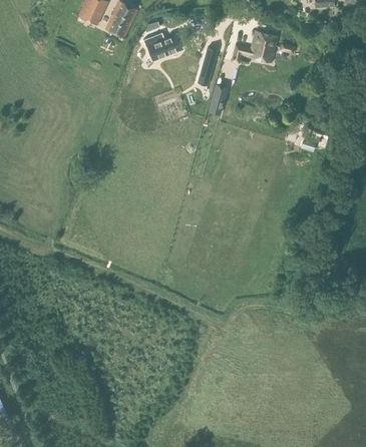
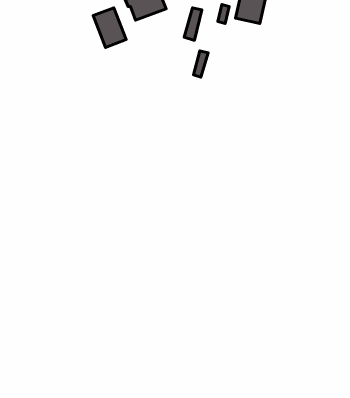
building: none -> [93,8,126,47]

